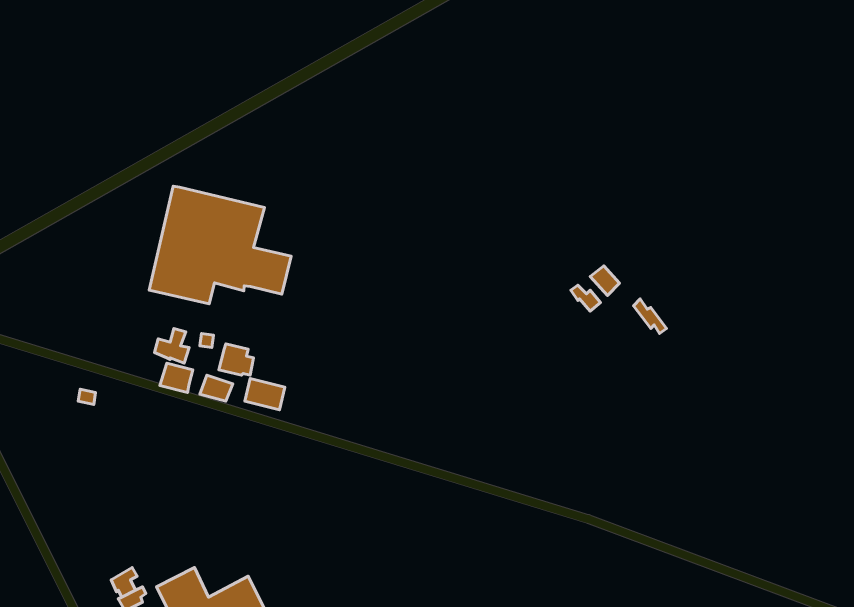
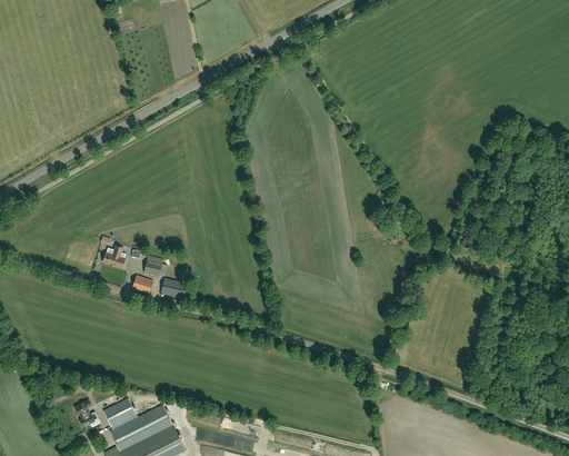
building: [149,186,291,304] -> none

